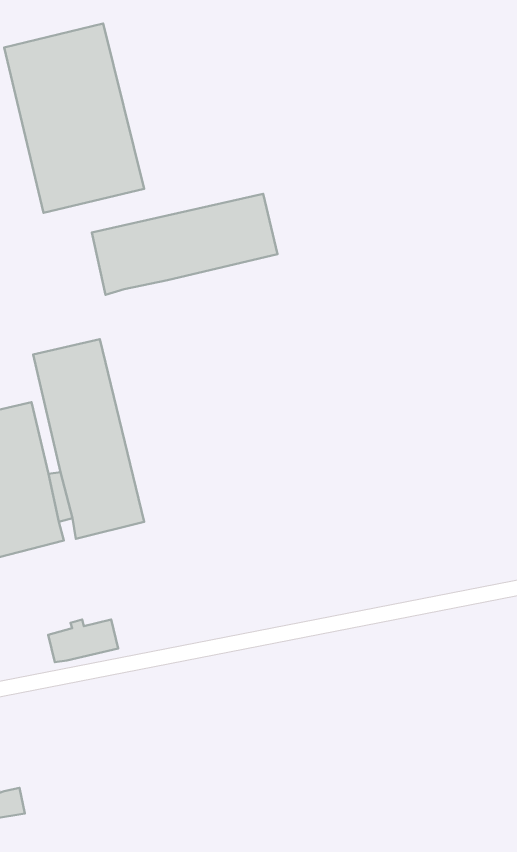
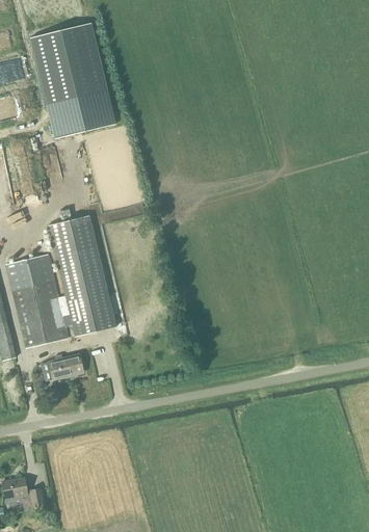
building: [92,194,277,295] -> none
building: [48,619,118,662] -> [42,354,84,380]

